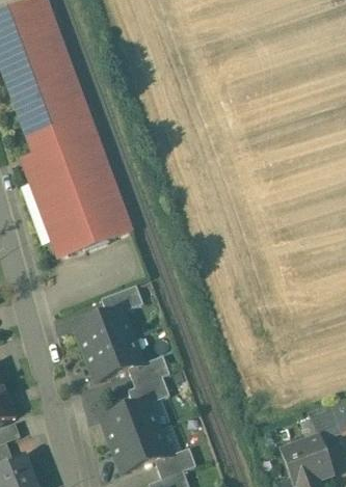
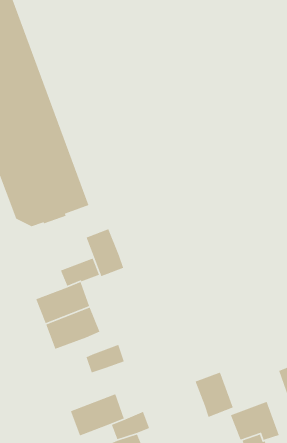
building: none -> [86,228,124,277]
building: [128,354,169,385] -> none
building: [100,401,159,445] -> none
building: none -> [194,371,234,418]

